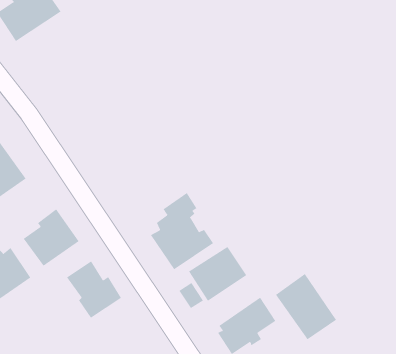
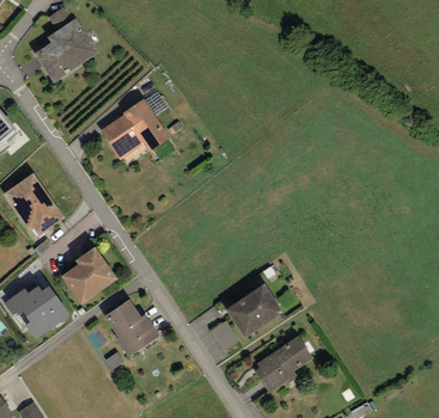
building: none -> [99,98,170,159]
building: [150,192,214,270] -> none
building: [275,273,337,340] -> none

